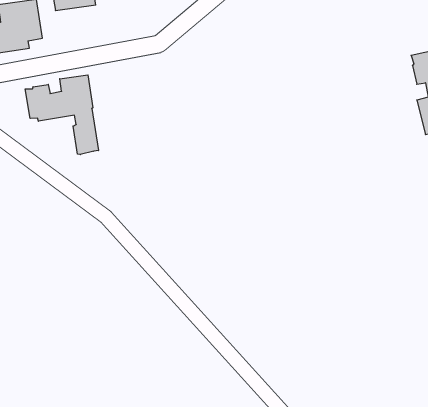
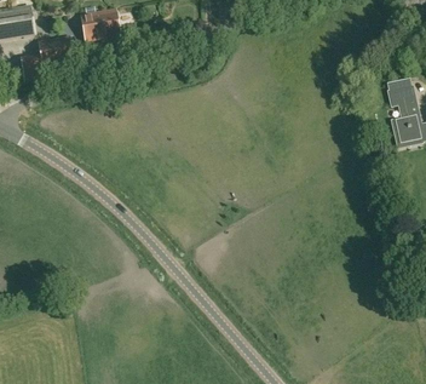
building: [25,75,98,155] -> none

